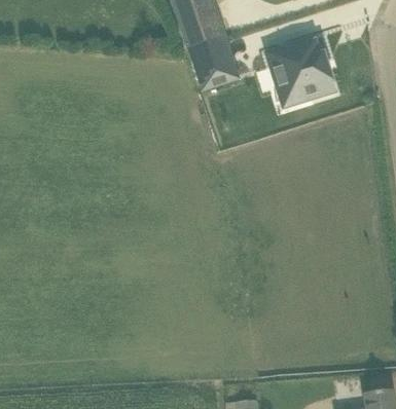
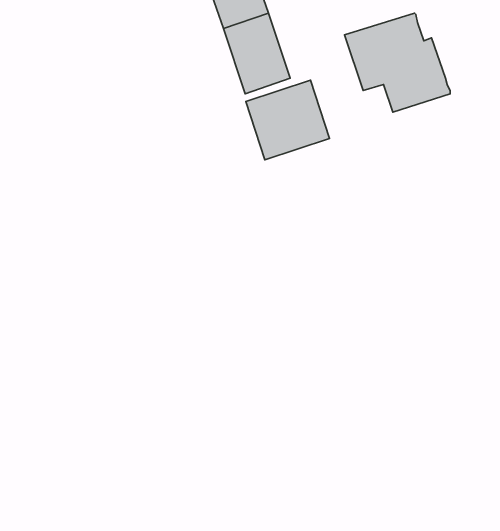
building: none -> [246,80,330,160]

